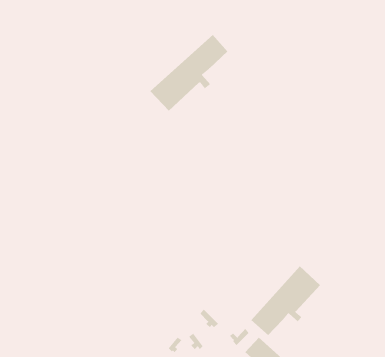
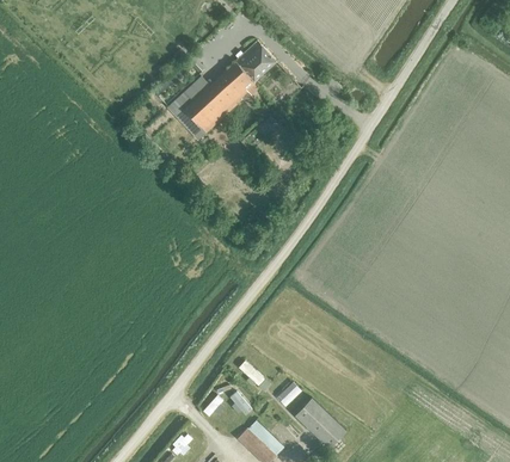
building: [250,266,321,336] -> none

